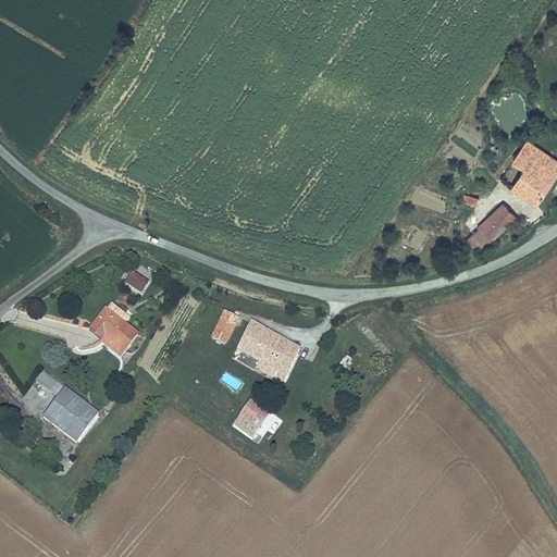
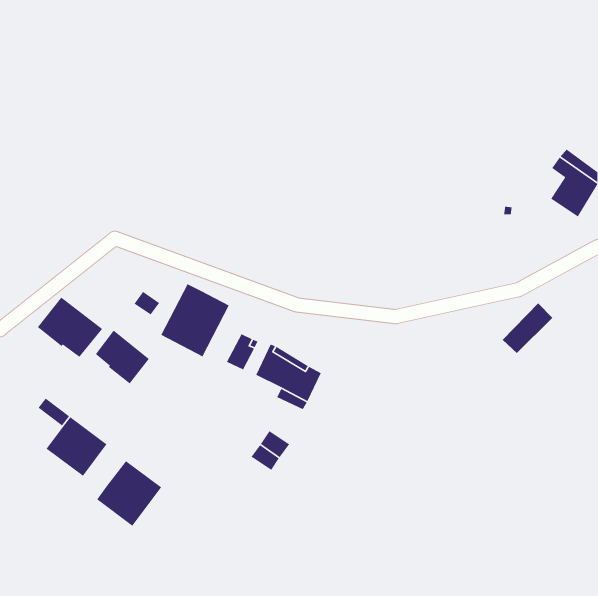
building: [465,199,512,247] -> [502,303,553,354]
building: none -> [160,283,230,357]
building: none -> [37,297,103,358]
building: none -> [96,460,162,527]

